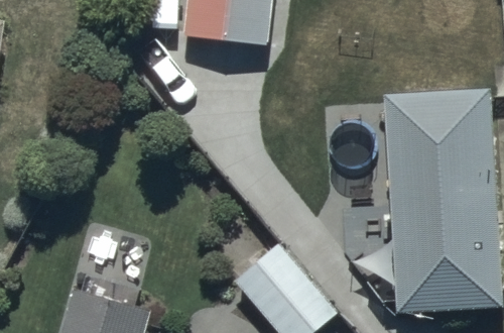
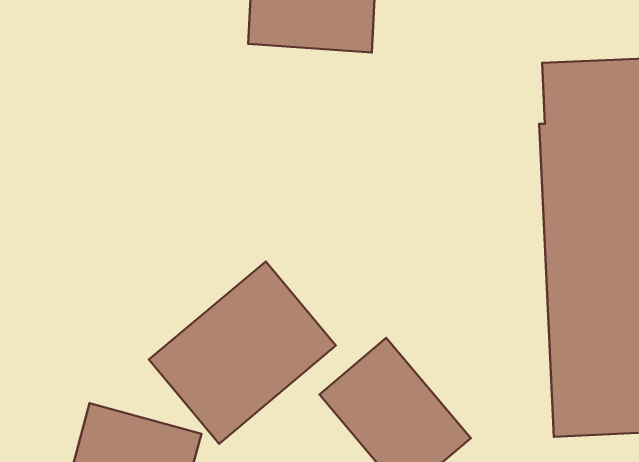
building: none -> [149,261,336,444]

